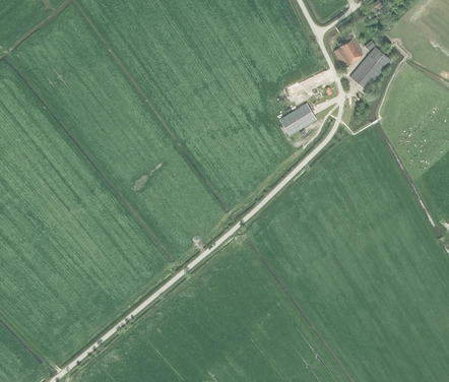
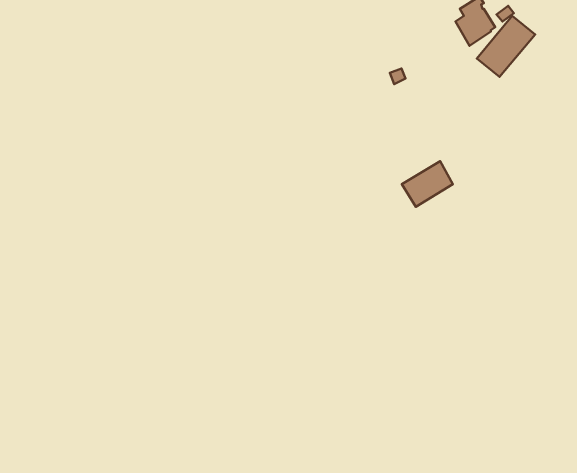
building: [278,103,315,135] -> [402,161,453,207]

